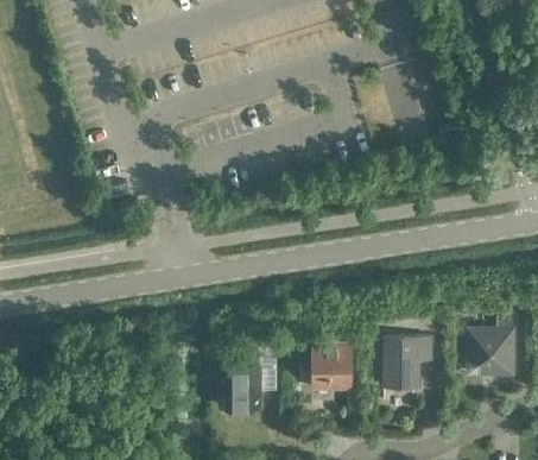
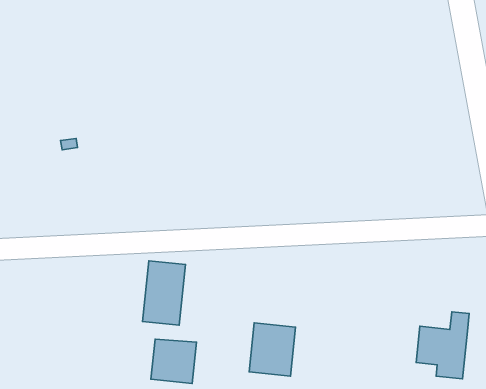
building: none -> [143,261,185,325]
building: [384,338,432,387] -> none

